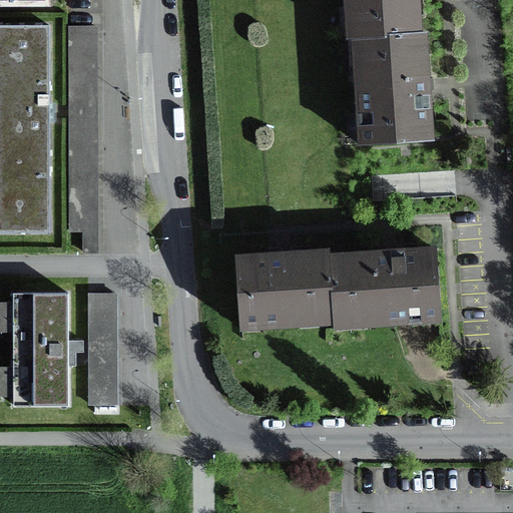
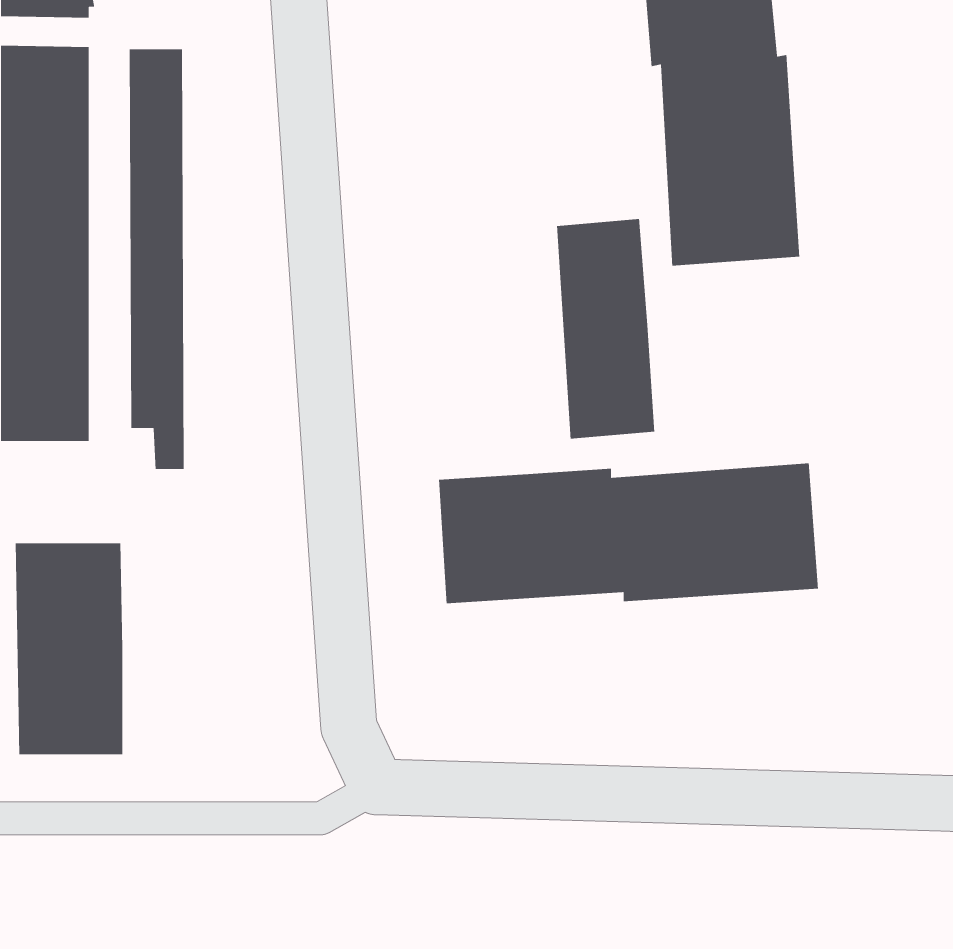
building: none -> [556,218,655,440]
building: [88,293,118,404] -> none

